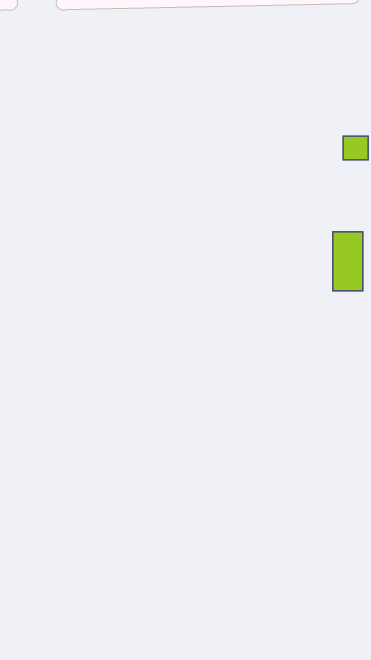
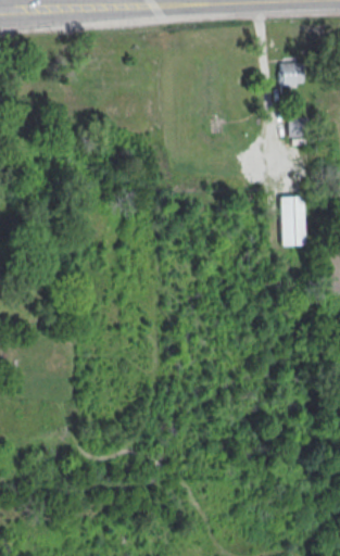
building: none -> [279,63,301,90]

